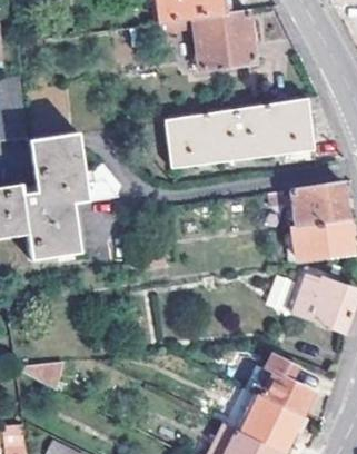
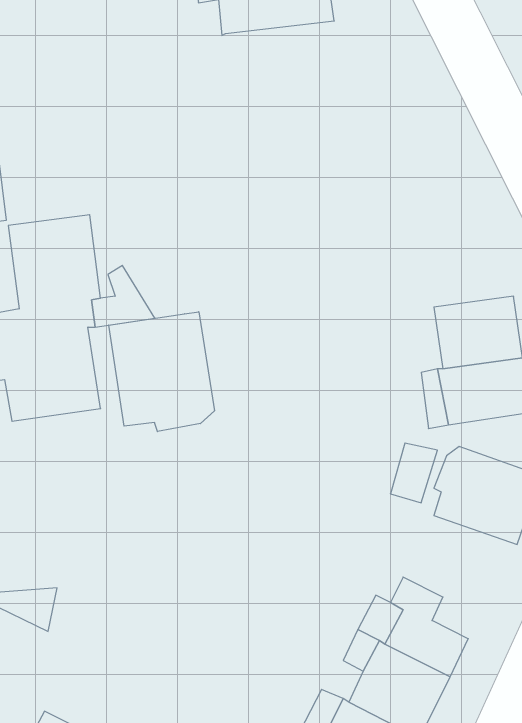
building: [163,10,257,71] -> none
building: [165,99,317,168] -> none
building: none -> [109,312,214,432]

